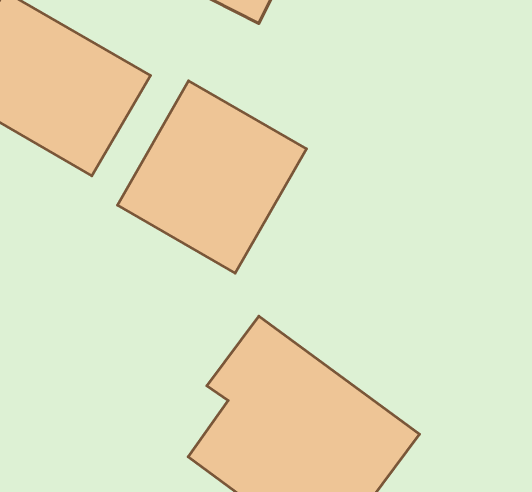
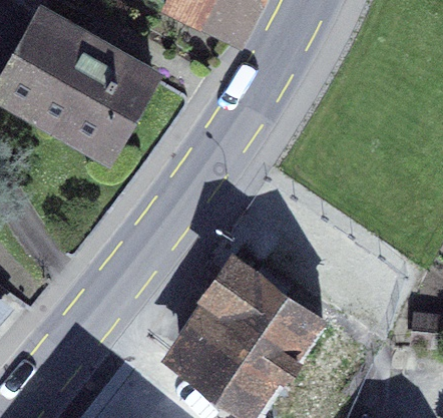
building: [117,81,306,273] -> none

